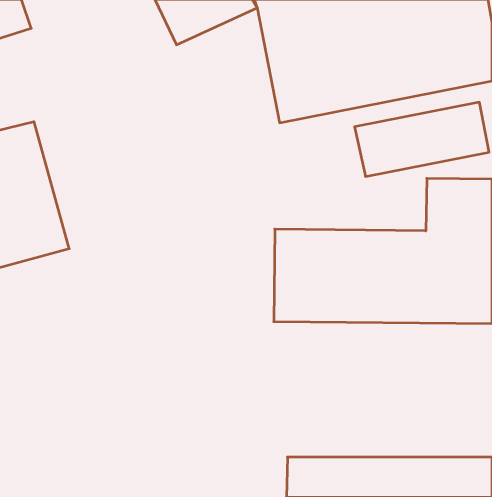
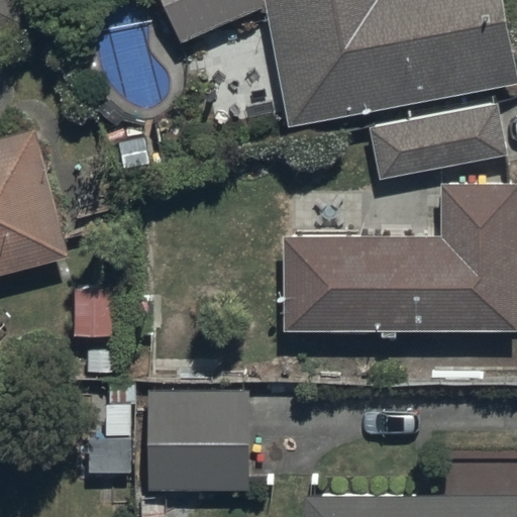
building: none -> [141,378,239,477]

